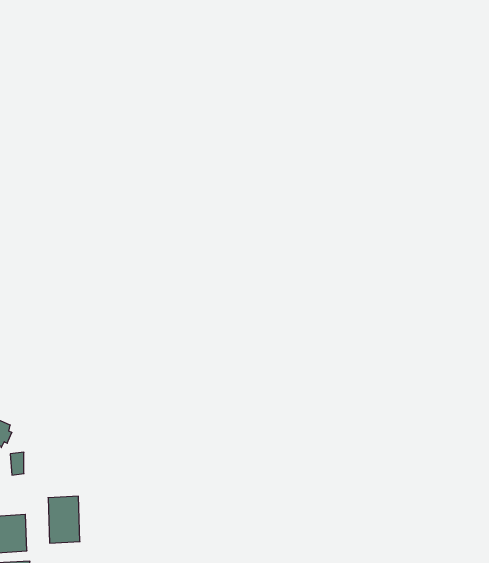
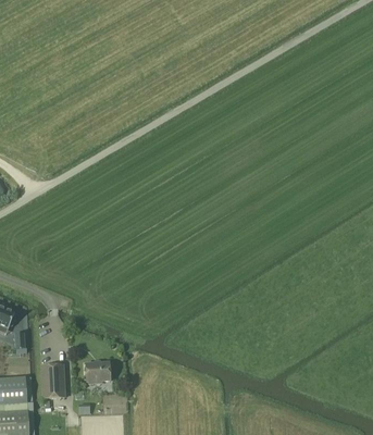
building: none -> [85,360,110,382]

